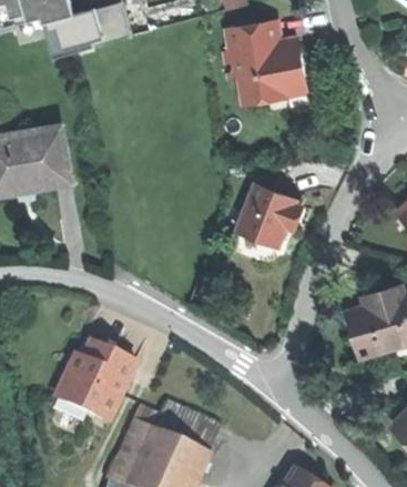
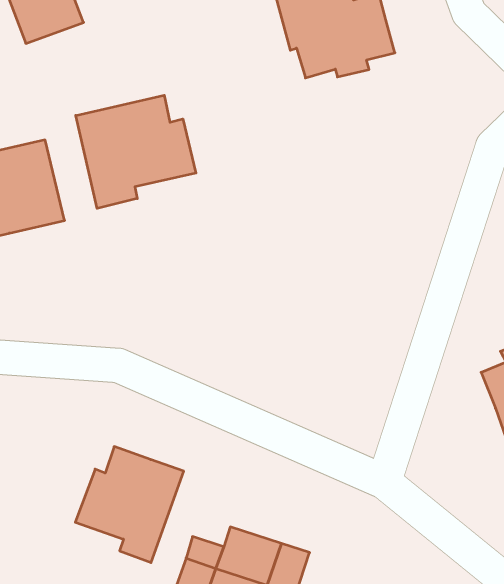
building: none -> [76,95,196,208]
building: [237,184,299,246] -> none

